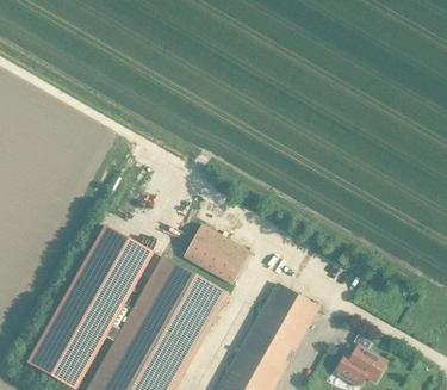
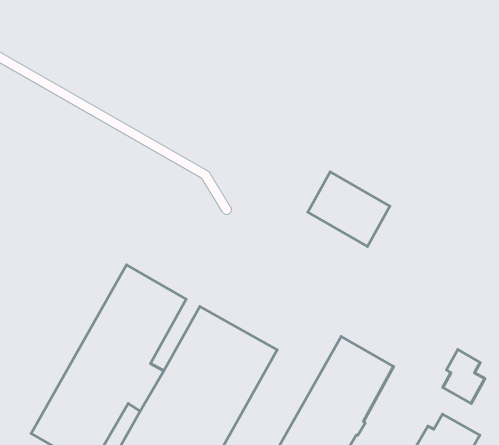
building: [184,224,249,284] -> [308,172,390,247]
building: none -> [443,350,485,404]

